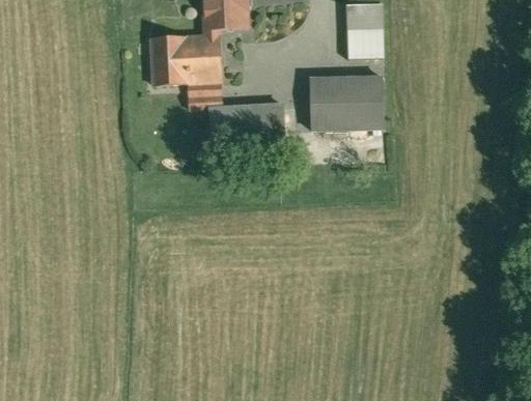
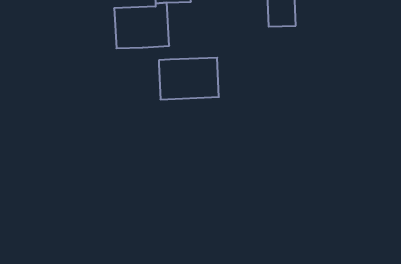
building: [310,71,385,131] -> none
building: [187,85,222,110] -> none

